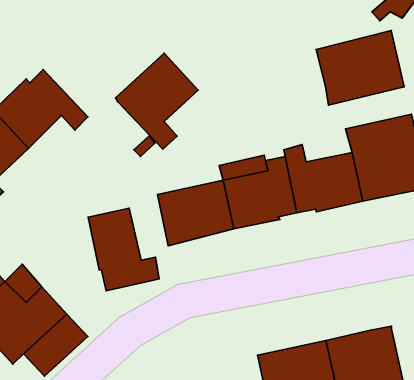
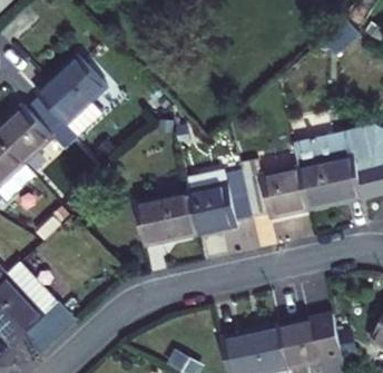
building: [316,30,404,105] -> none
building: [115,53,198,149] -> [36,55,106,136]
building: [88,208,159,291] -> none

